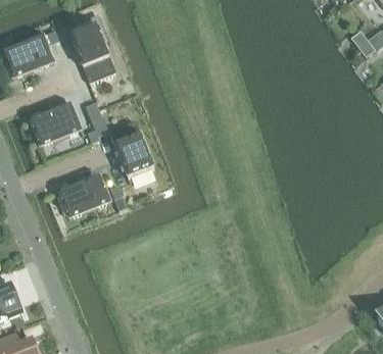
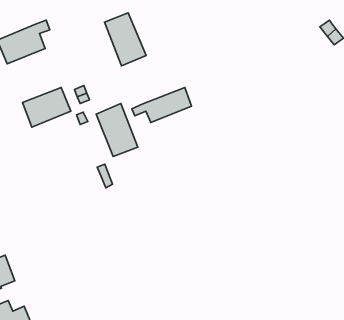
building: [70,26,115,83] -> [104,13,146,66]
building: none -> [132,88,191,122]
building: [57,173,110,216] -> none

